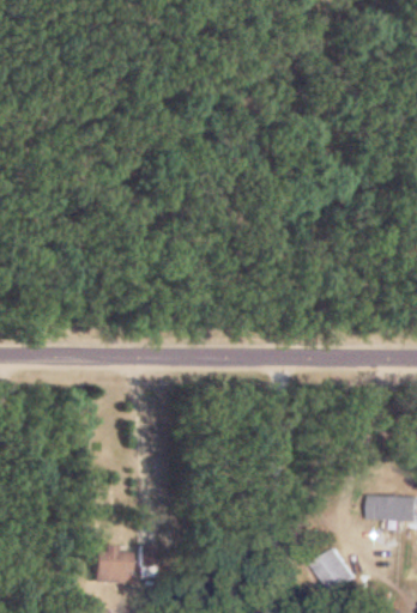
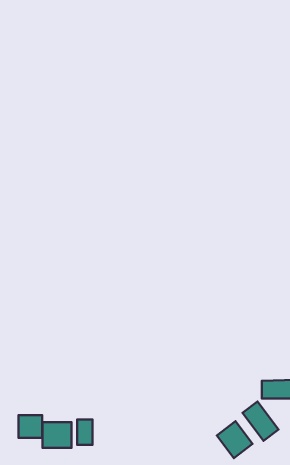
building: none -> [242,401,279,441]
building: none -> [19,415,42,438]

